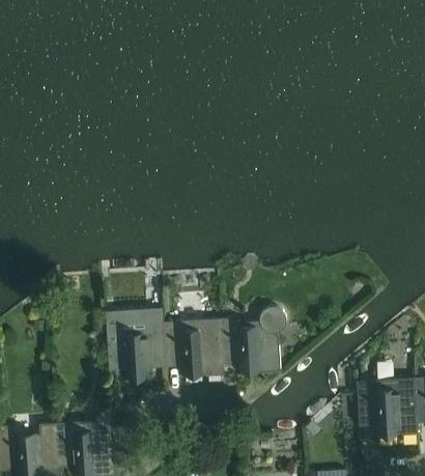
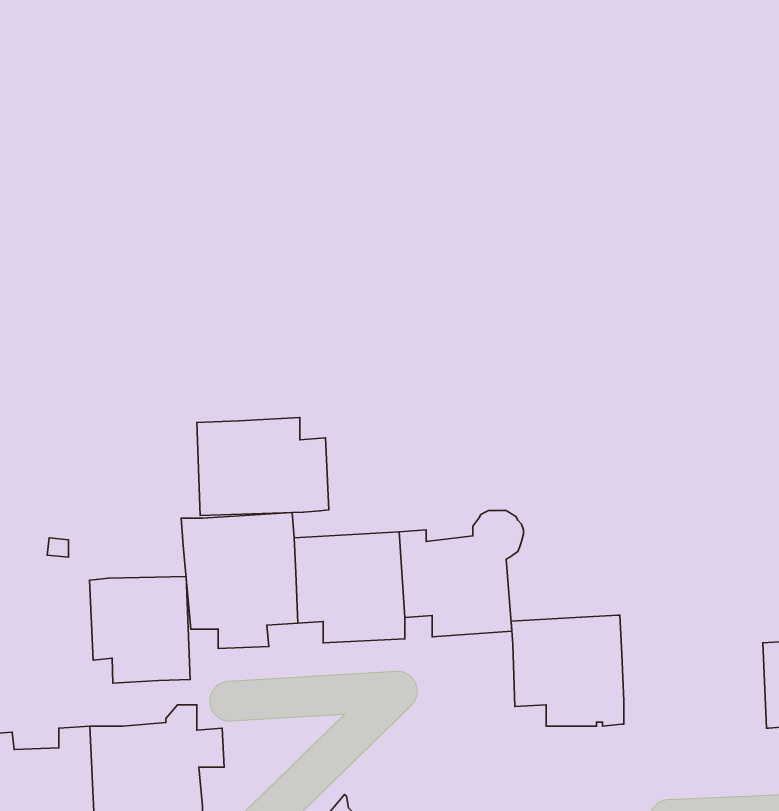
building: none -> [197,418,329,515]
building: none -> [89,576,190,683]
building: [357,377,417,437] -> [511,615,624,726]

